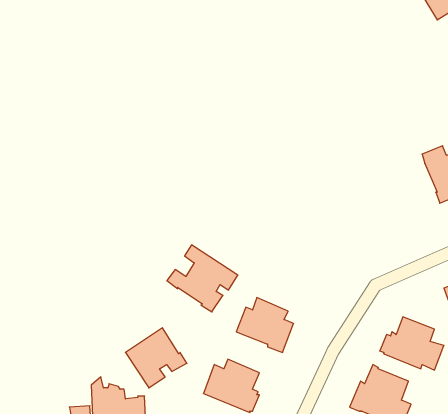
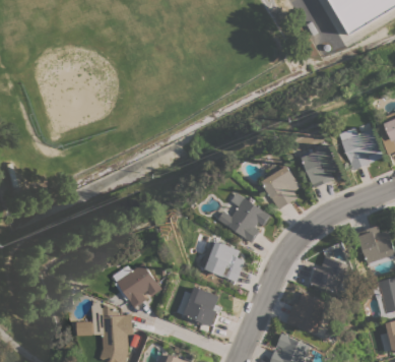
building: none -> [302,145,338,187]
building: none -> [262,165,301,209]
building: [167,245,238,312] -> [217,192,270,242]

